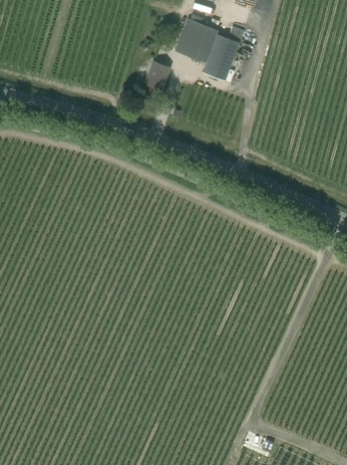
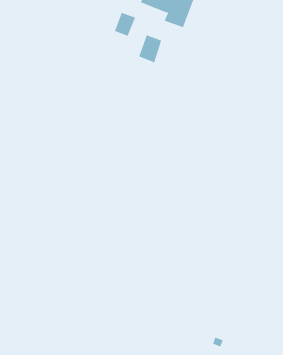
building: none -> [138,35,162,63]

